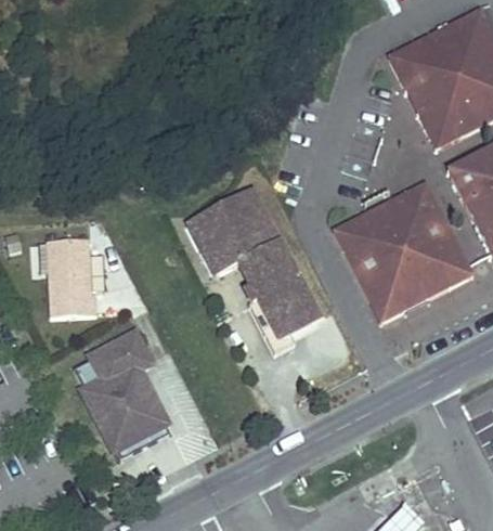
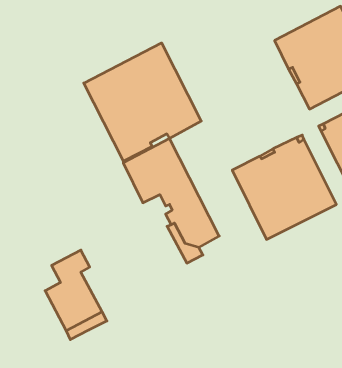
building: none -> [84,43,201,161]
building: [47,237,96,314] -> none

